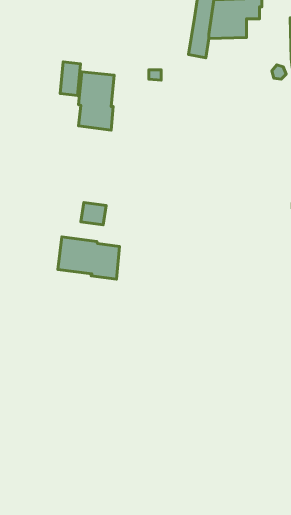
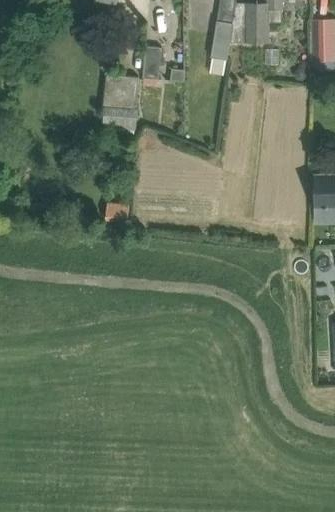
building: [60,62,81,95] -> [142,47,162,80]
building: [58,237,120,279] -> none

